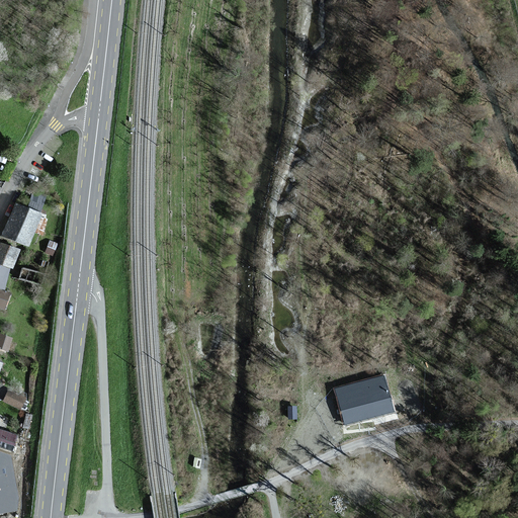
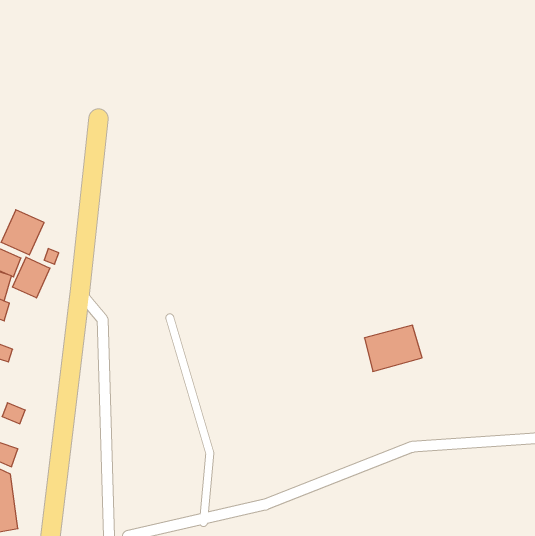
building: none -> [13,257,50,298]
building: [336,377,392,422] -> [364,325,422,371]

